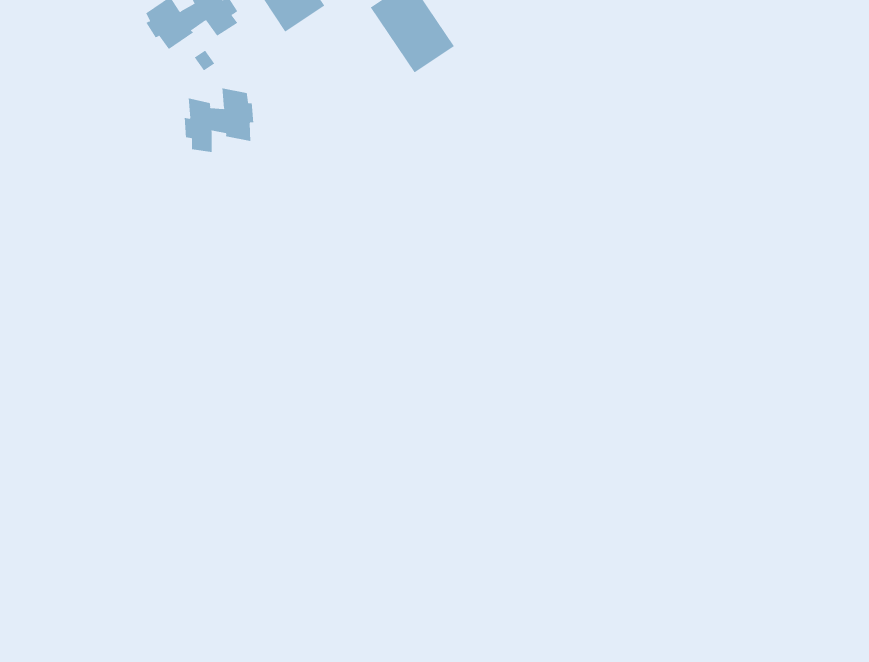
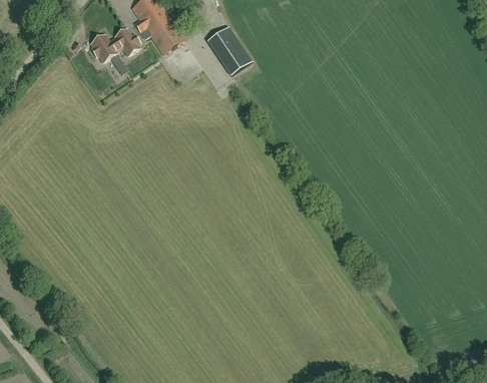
building: [184,88,254,153] -> none

